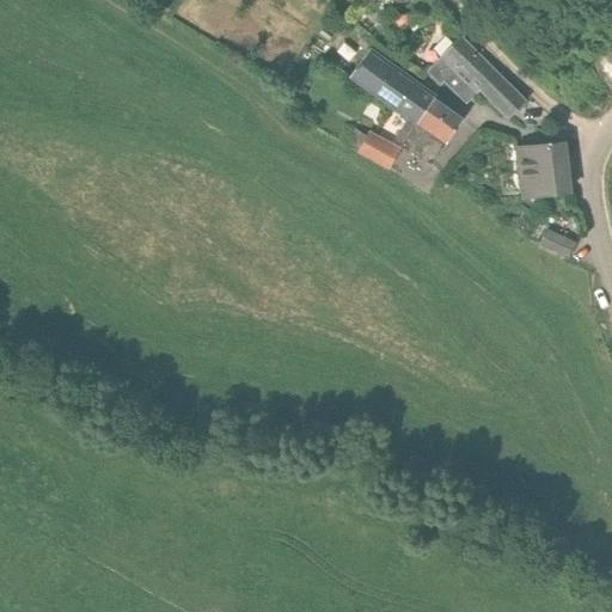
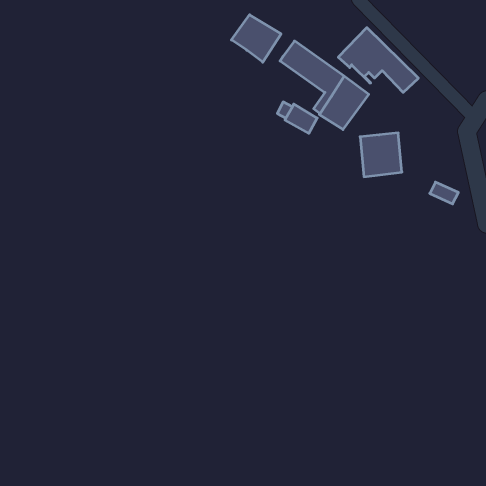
building: none -> [231,15,281,62]
building: [518,141,570,196] -> [360,133,402,177]

